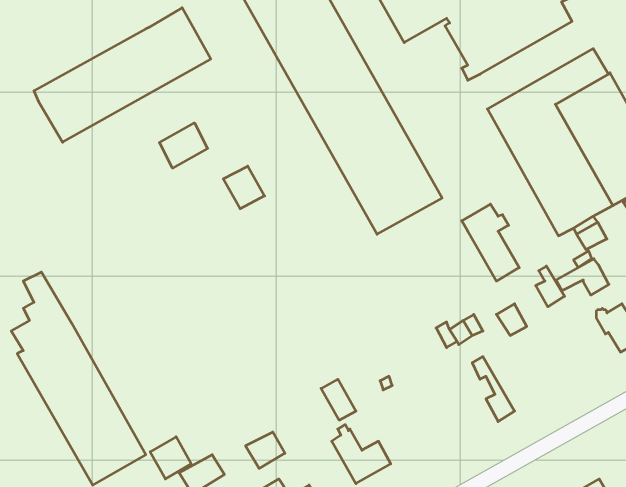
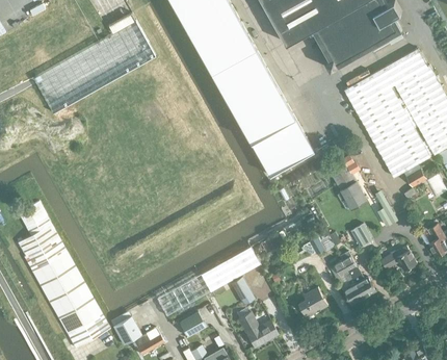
building: [159,123,208,168] -> none
building: [223,166,265,209] -> none
building: [556,259,609,295] -> [379,246,416,271]
building: none -> [156,248,259,317]
building: none -> [341,256,375,299]
building: none -> [297,287,327,318]

